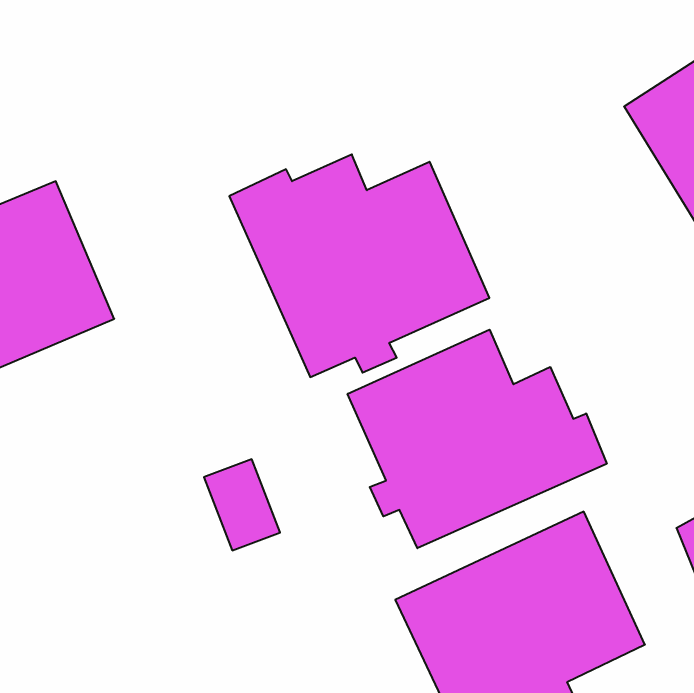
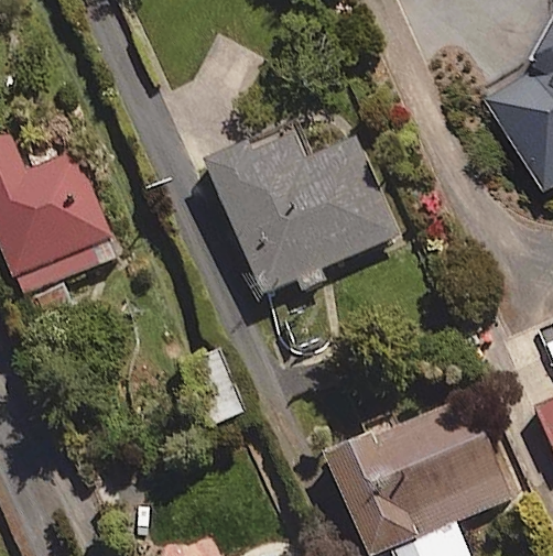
building: [348,330,607,548] -> none

